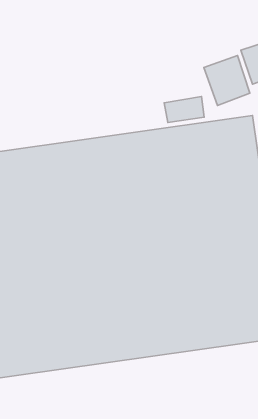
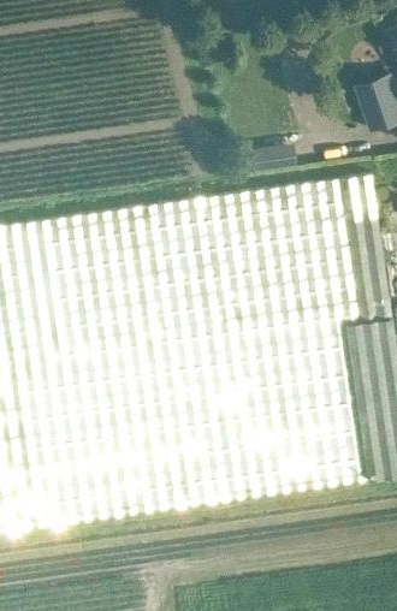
building: [204,56,250,105] -> none

